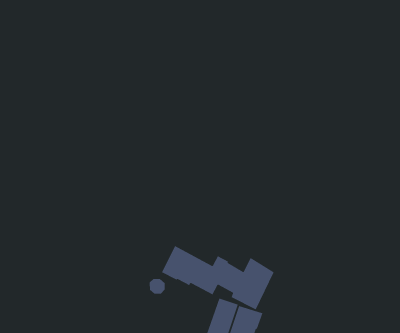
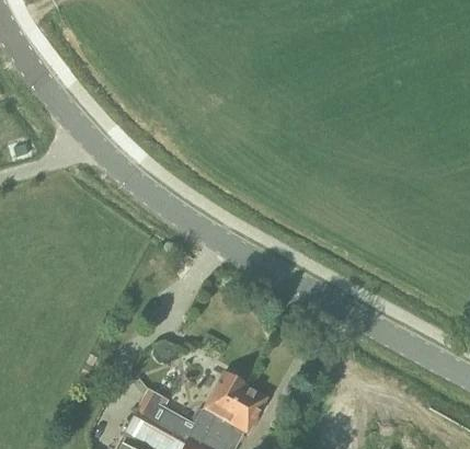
building: [161,245,274,311] -> none

